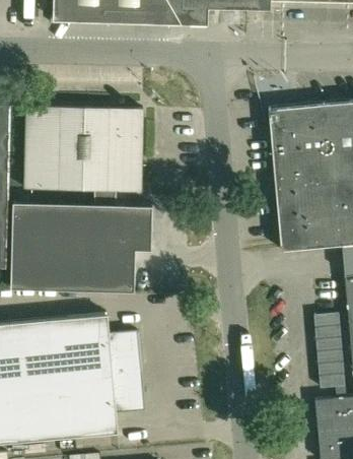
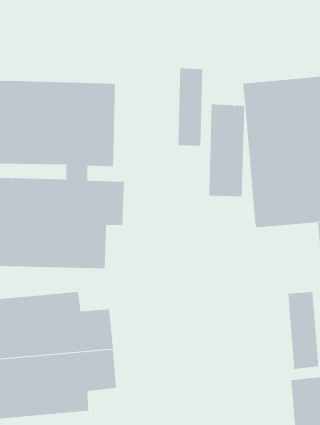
building: none -> [178,67,203,146]
building: none -> [209,103,245,197]

